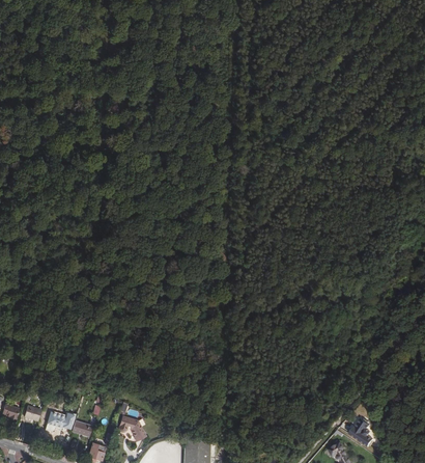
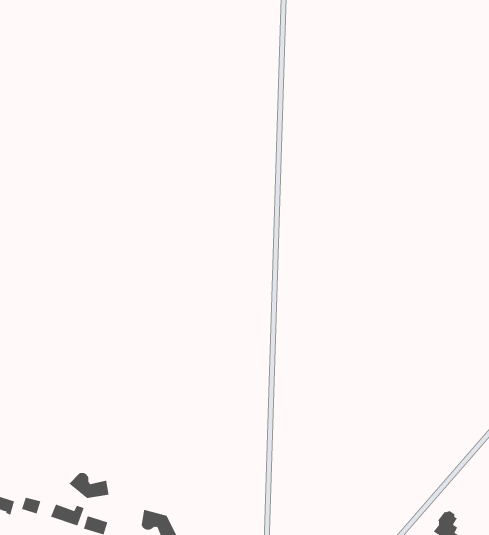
building: none -> [69,472,109,499]

